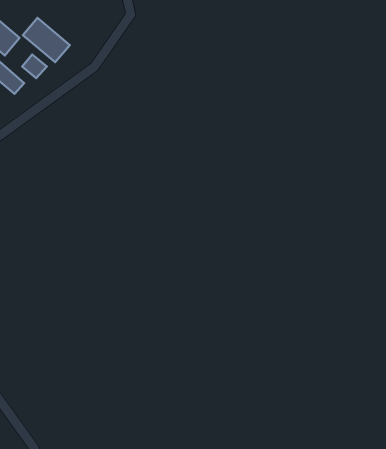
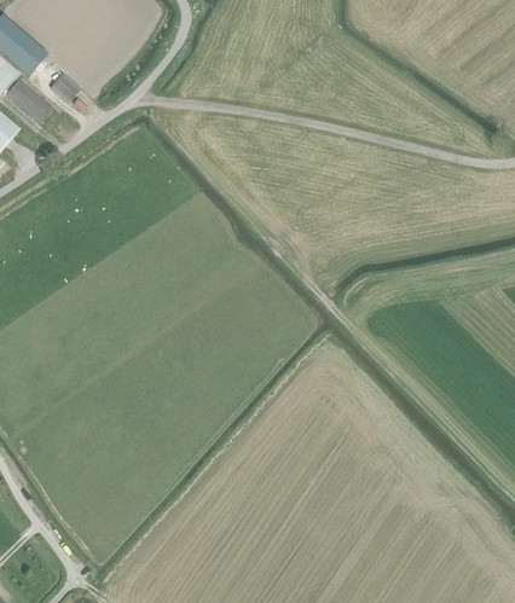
building: [23,18,70,62] -> none

